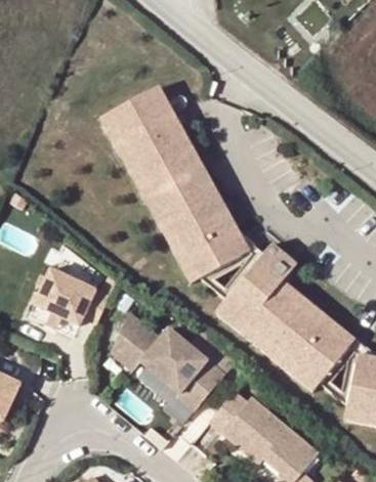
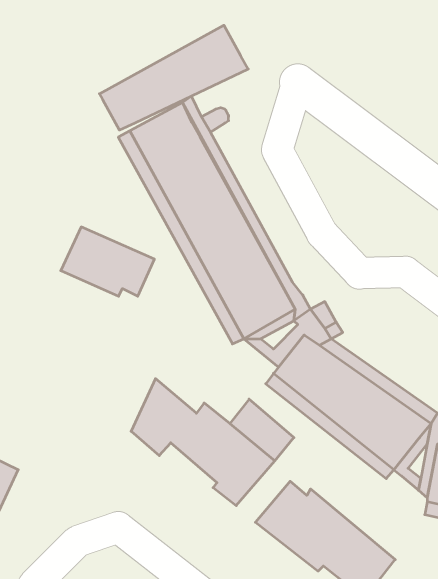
building: none -> [99,25,248,130]
building: [33,268,108,323] -> [61,227,154,296]

